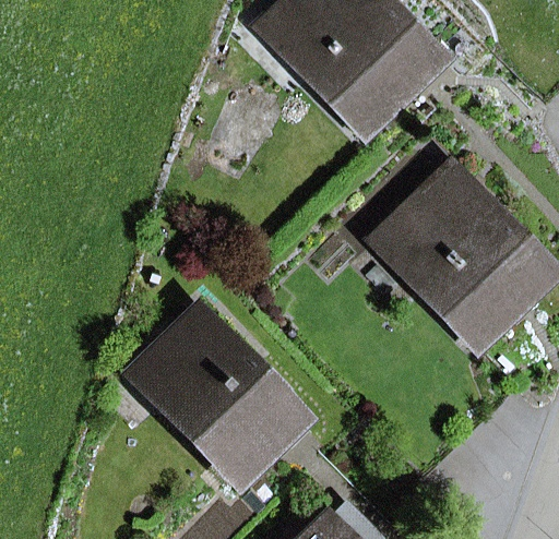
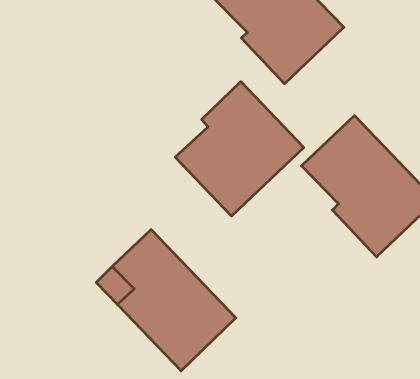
building: none -> [175,82,304,216]

